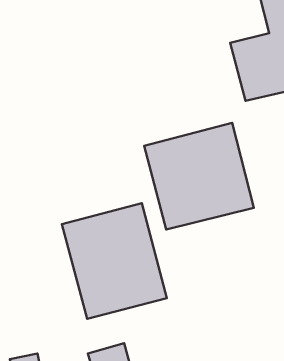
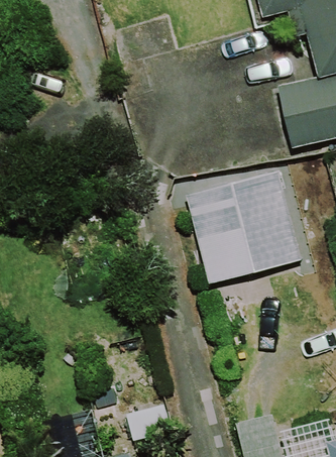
building: [62,203,167,319] -> none

